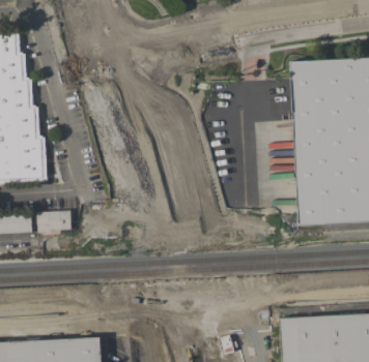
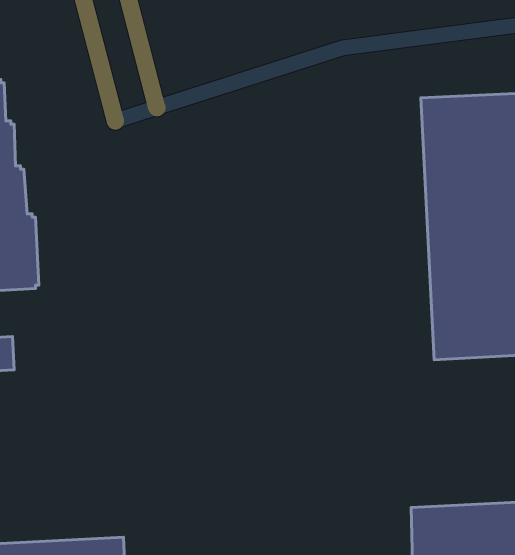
building: [36,210,72,232] -> none

